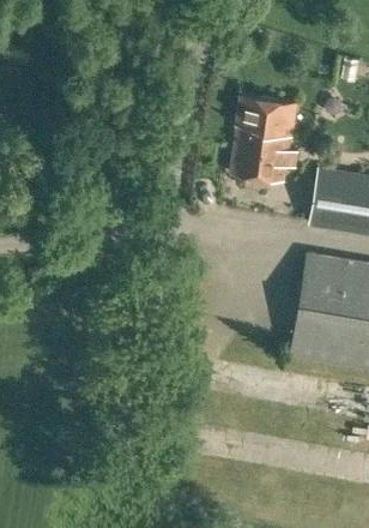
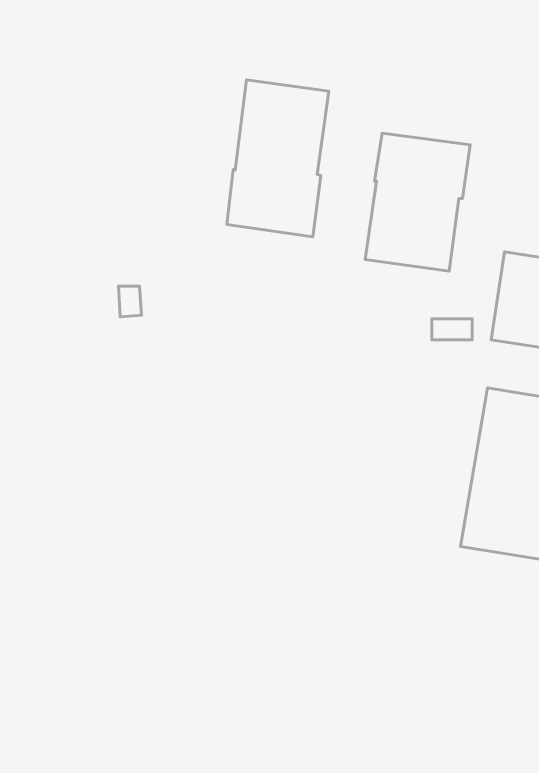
building: none -> [227,80,329,237]

